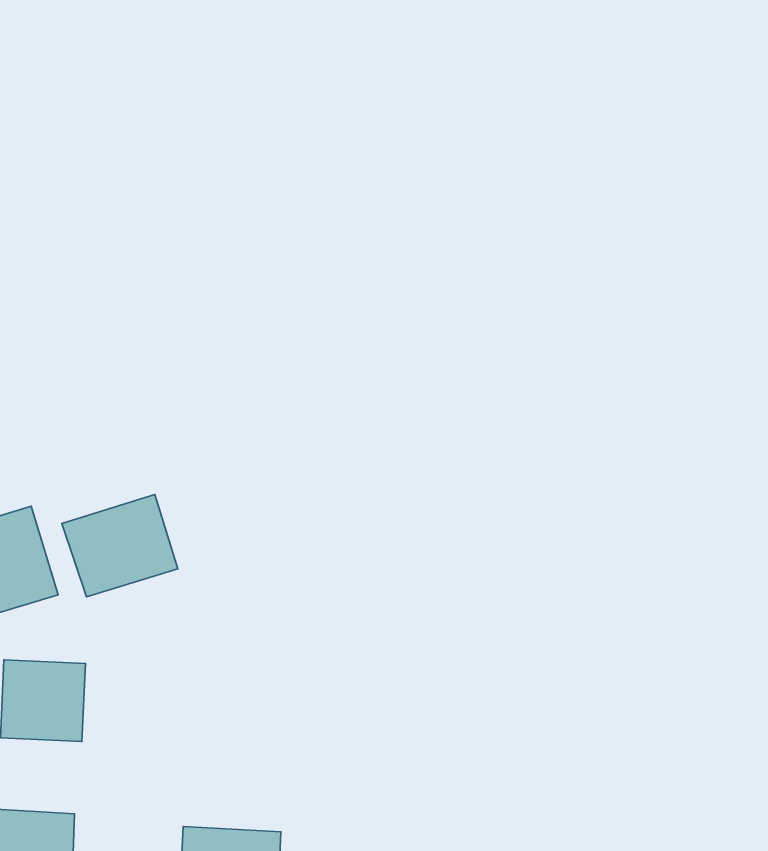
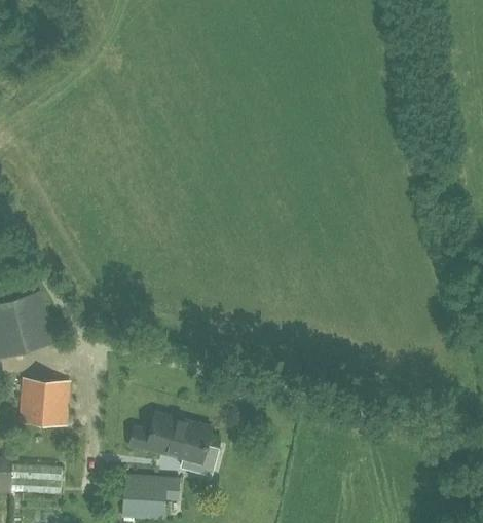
building: [62,495,178,597] -> none
building: none -> [127,413,210,463]

